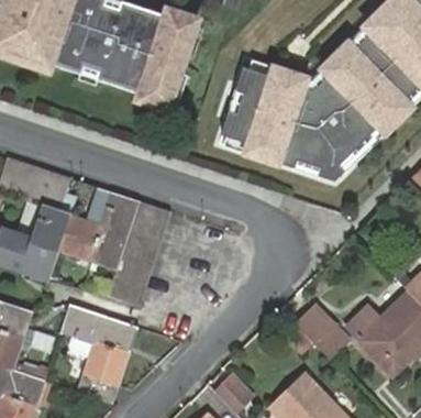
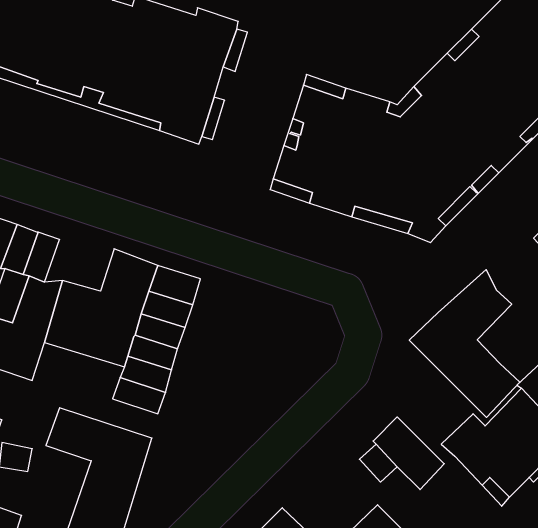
building: none -> [409,270,520,417]

